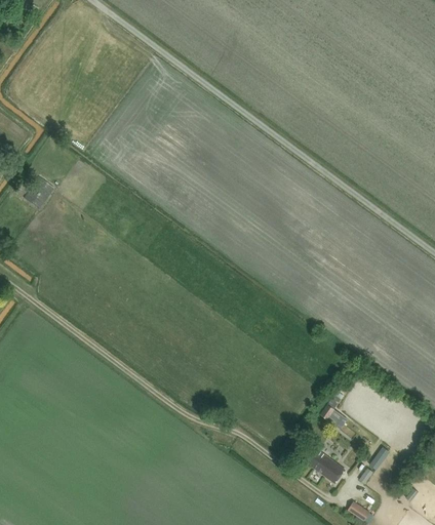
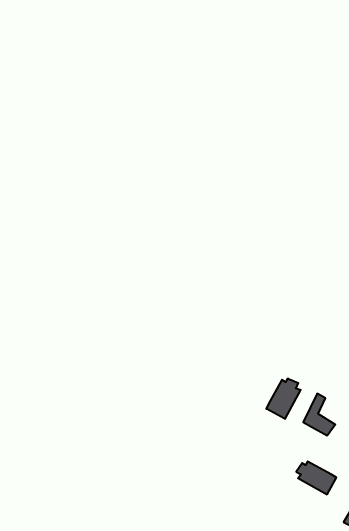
building: none -> [266,378,301,419]

